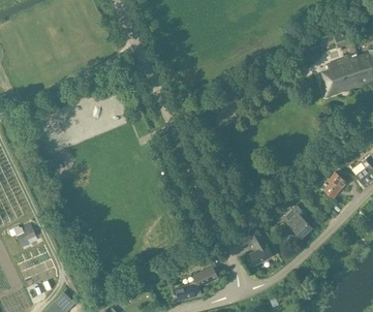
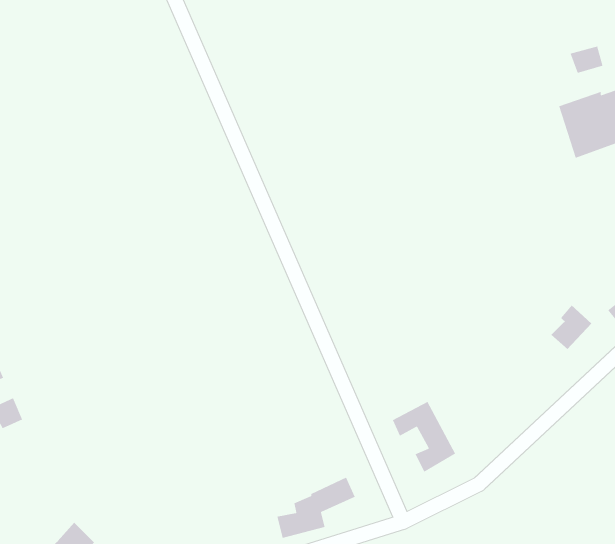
building: [283,206,311,237] -> none

